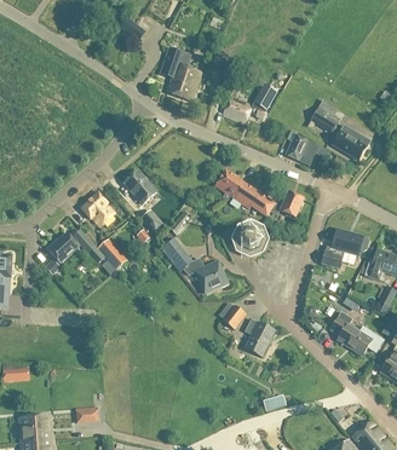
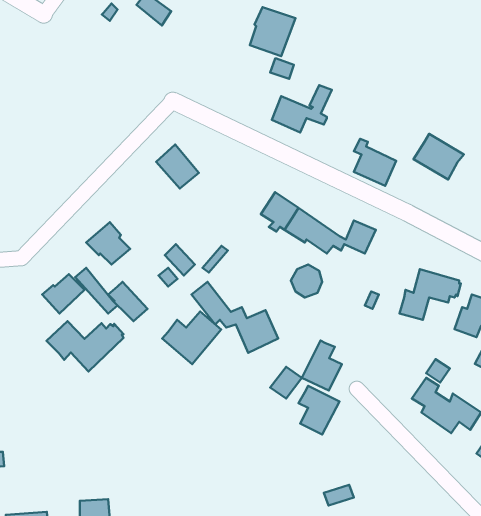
building: [166,63,201,100] -> [250,7,295,56]
building: [310,99,340,132] -> none
building: [123,169,156,203] -> [156,145,199,189]
building: none -> [162,311,221,364]
building: none -> [46,321,124,371]
building: none -> [302,341,342,390]

